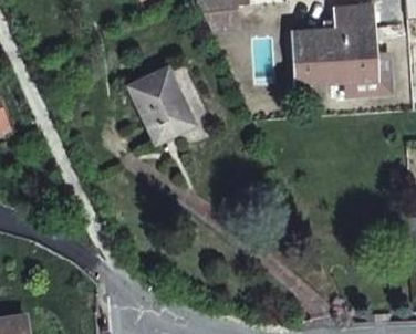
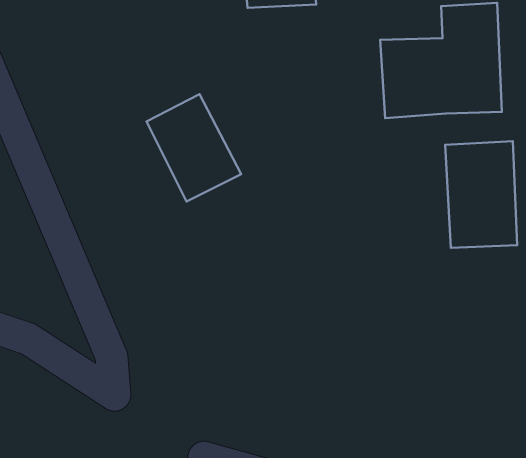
building: none -> [445,141,517,248]

